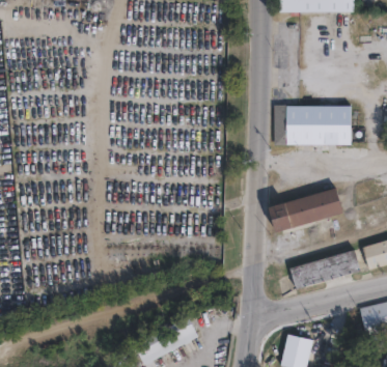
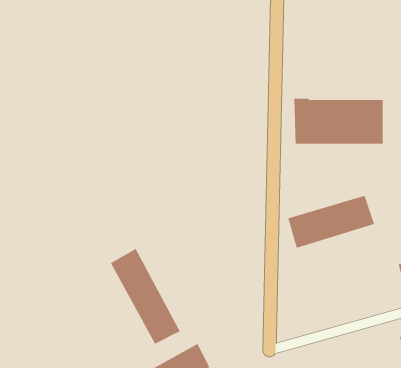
building: none -> [110,248,181,344]
building: [291,250,361,288] -> none

